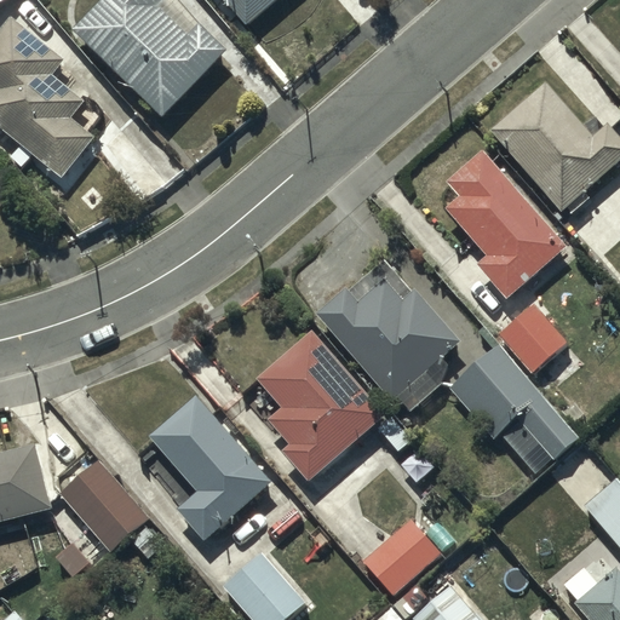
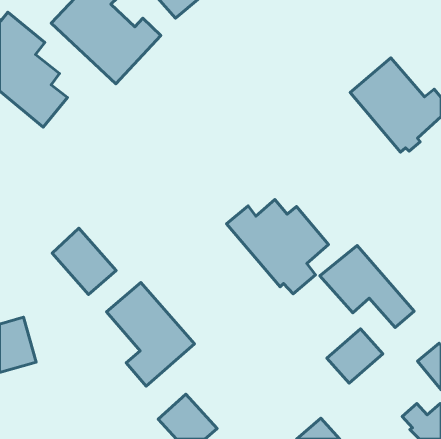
building: [446,150,566,298] -> none
building: [500,305,566,372] -> none
building: [256,329,384,481] -> none
building: [59,459,149,552] -> [52,228,116,295]
building: [362,519,441,596] -> [327,329,383,383]

